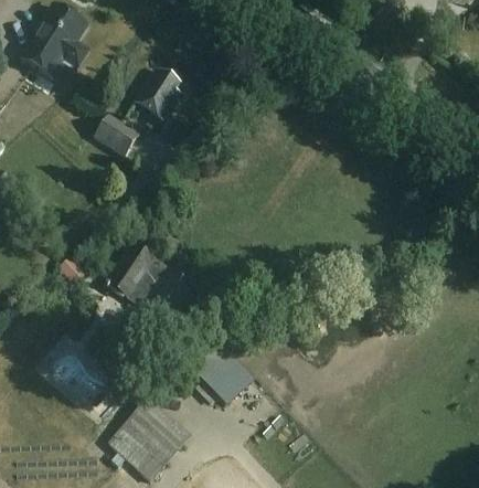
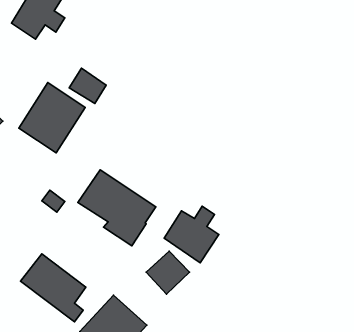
building: [136,65,180,116] -> none
building: none -> [19,83,85,153]
building: none -> [164,206,219,263]

